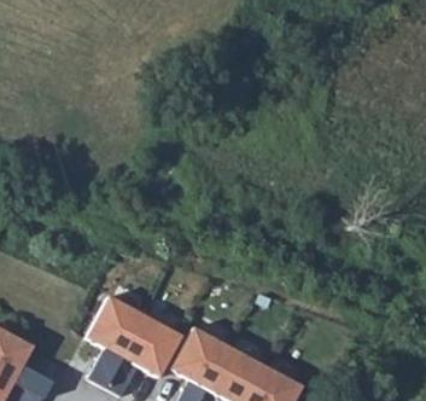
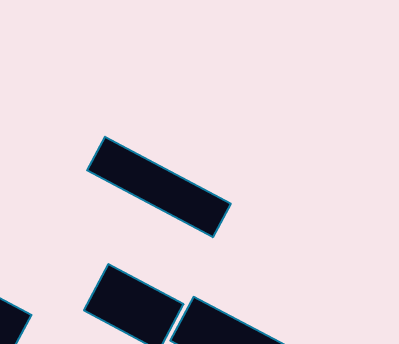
building: none -> [87,137,231,237]

